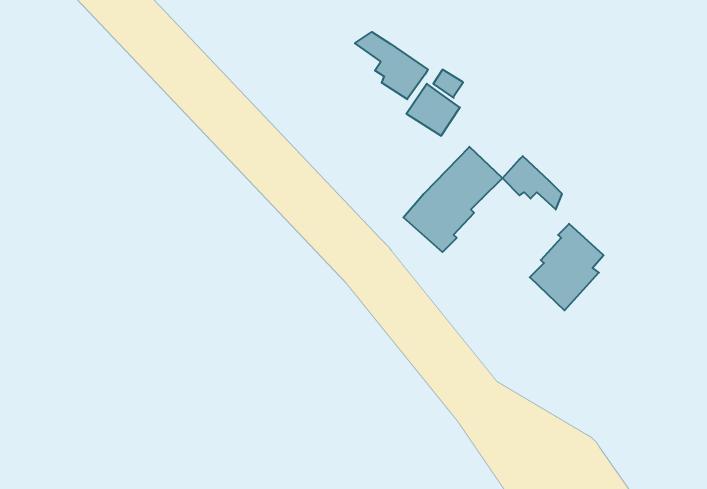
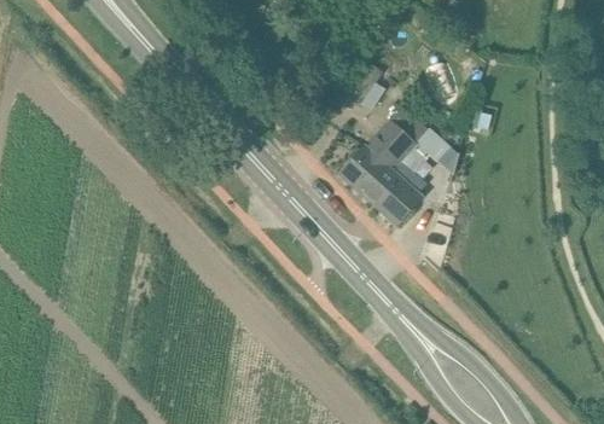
building: [355,32,428,99] -> none
building: [530,224,604,310] -> [371,159,428,226]

